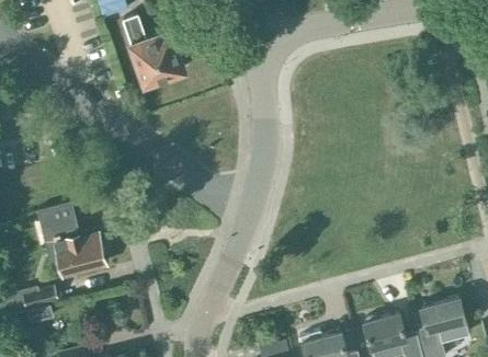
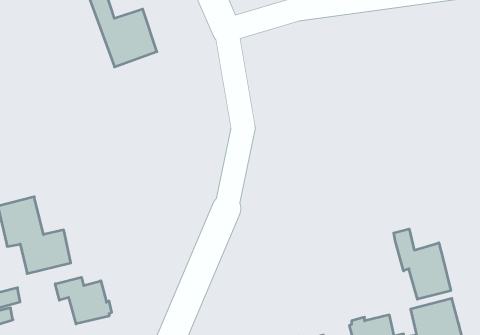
building: none -> [394,229,451,299]
building: none -> [55,277,112,324]

